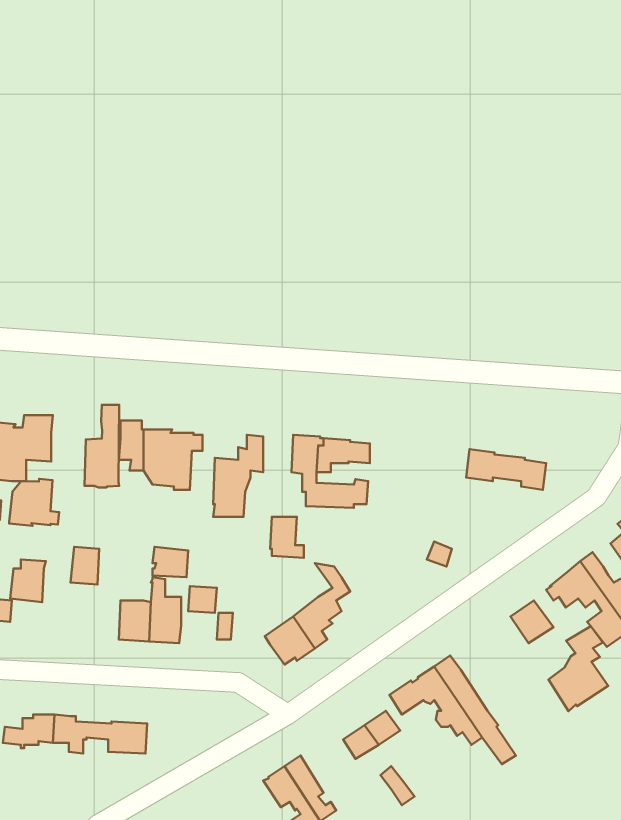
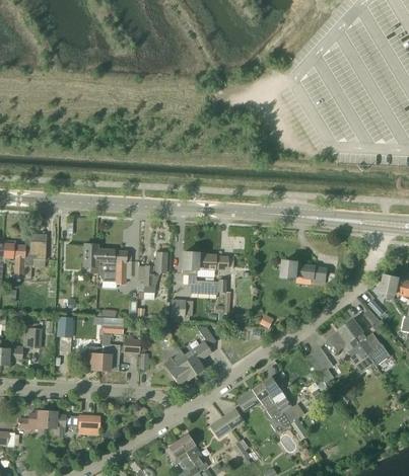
building: [85,405,119,488] -> none
building: [9,479,59,526] -> none
building: [548,626,608,711] -> none

